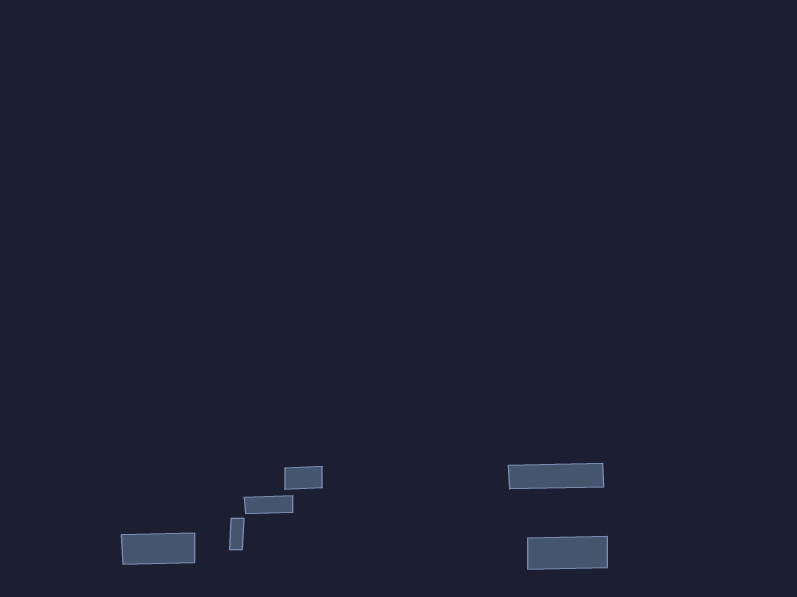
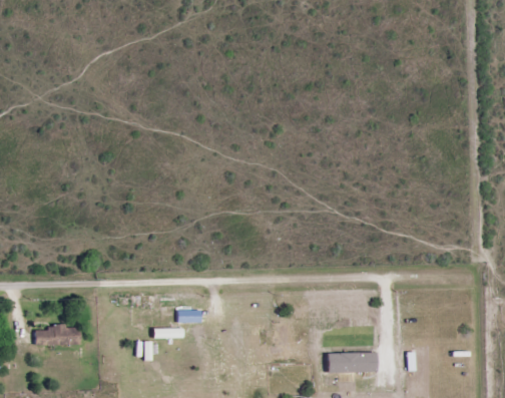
building: [509,463,604,489] -> none
building: [121,533,195,564] -> [34,326,79,345]

